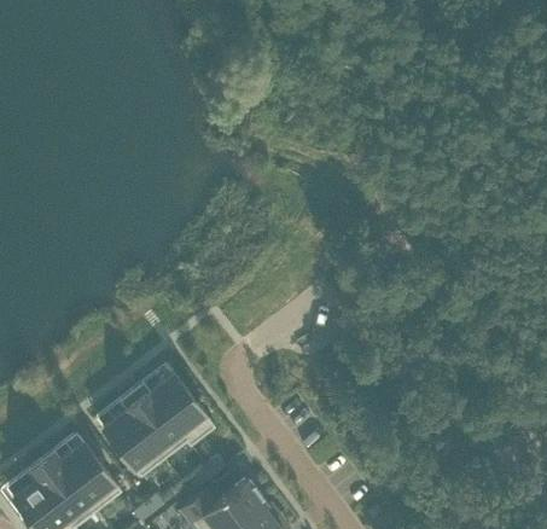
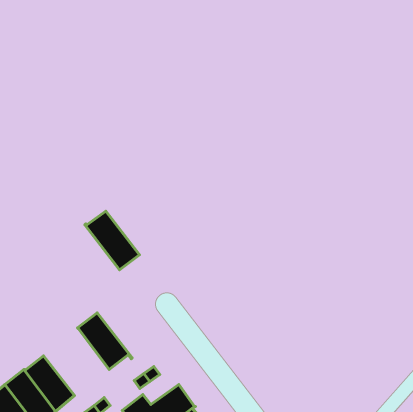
building: [145,371,211,442] -> [85,211,139,270]
building: [99,407,159,473] -> none

